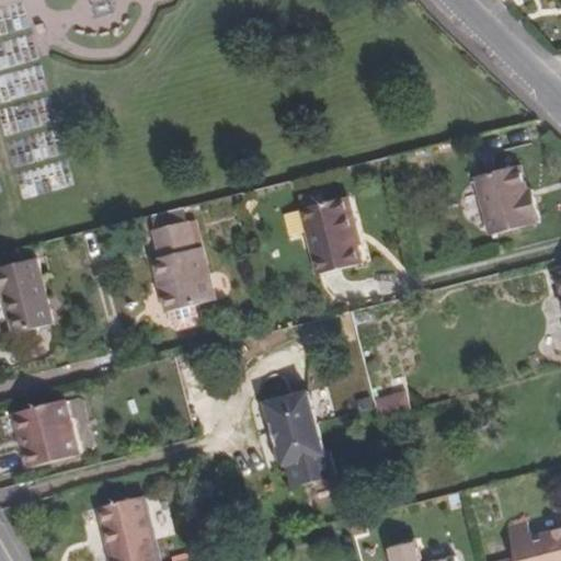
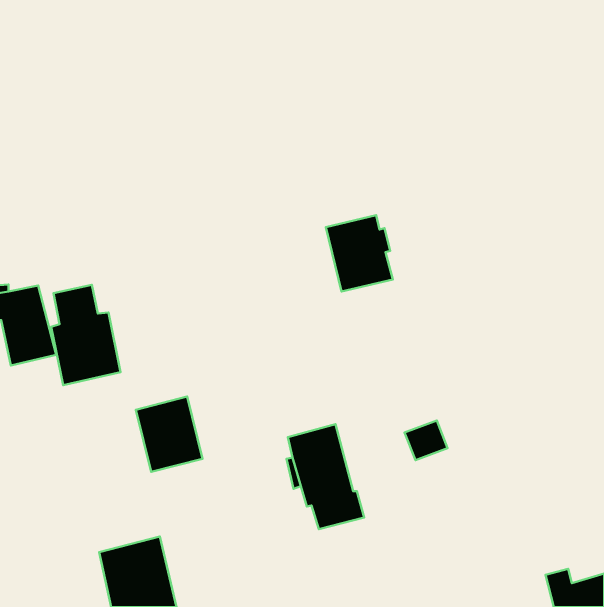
building: [477,165,540,236] -> none
building: [150,220,214,312] -> [51,285,120,385]
building: [15,397,77,466] -> [136,397,203,472]

